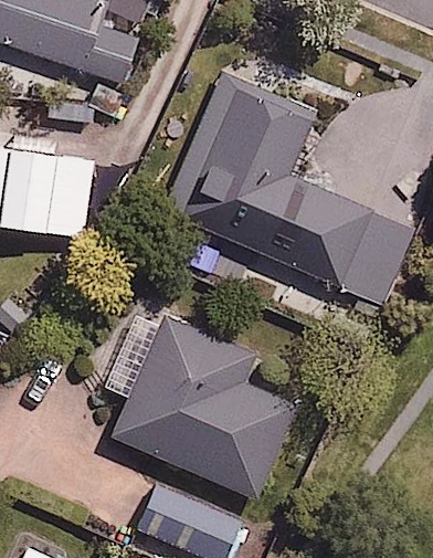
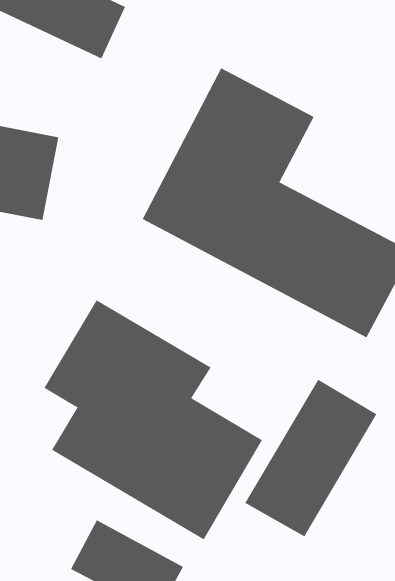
building: none -> [245,379,377,537]

